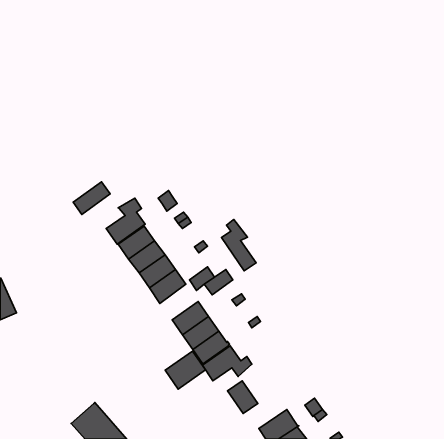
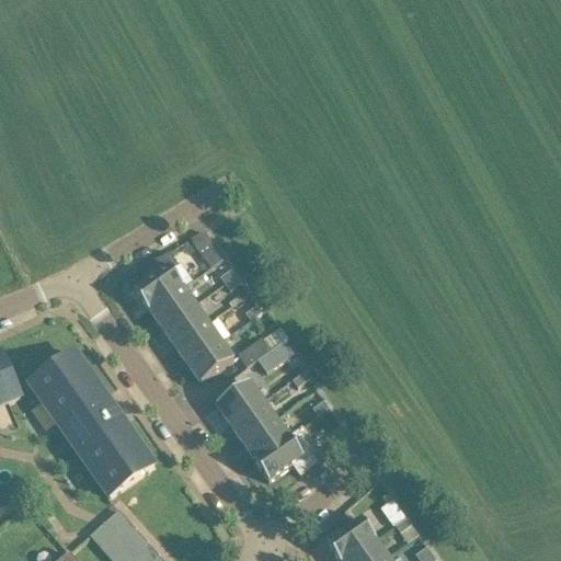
building: [73,182,110,215] -> none
building: [221,220,256,271] -> none
building: none -> [31,351,154,495]
building: [165,351,206,389] -> none
building: [227,381,258,414] -> none

